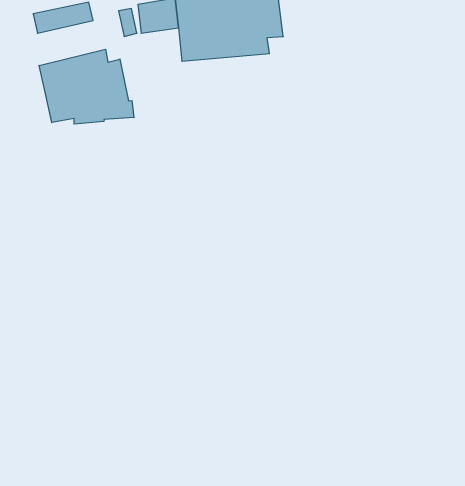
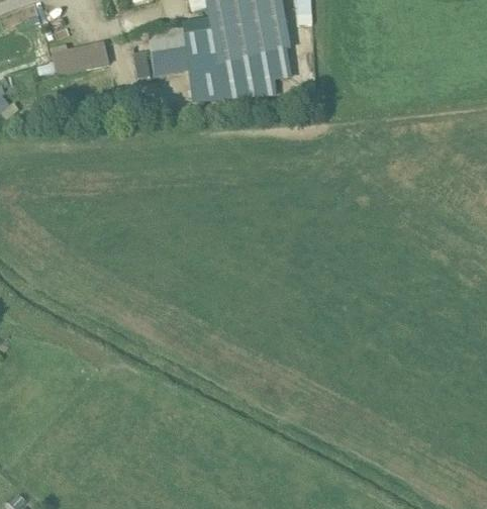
building: [39,49,134,124] -> none

